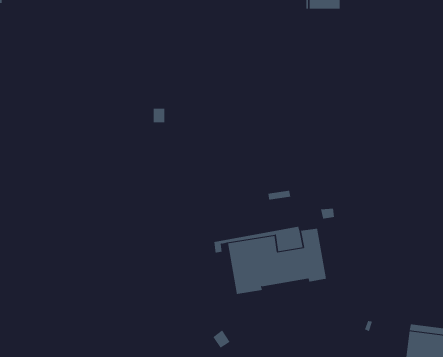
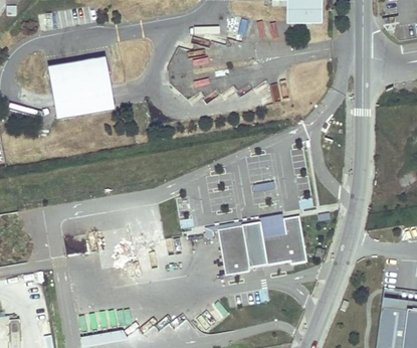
building: none -> [48,55,115,119]

